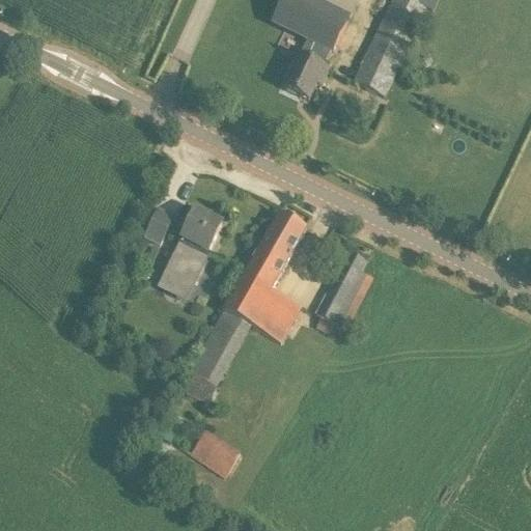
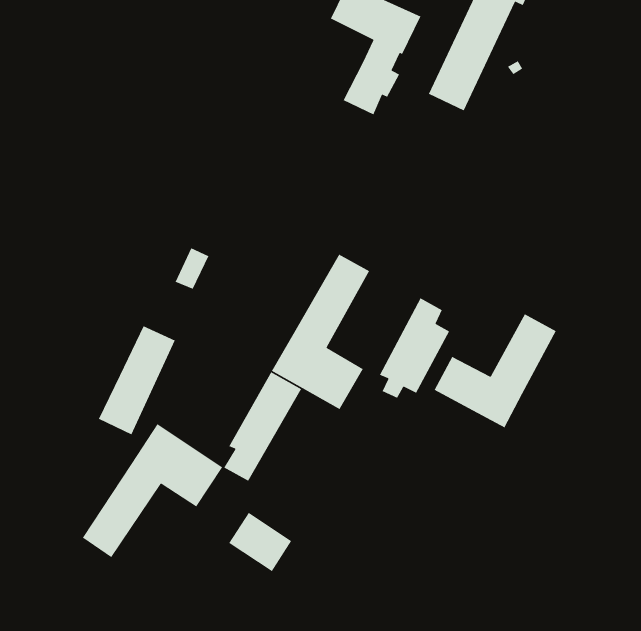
building: [157,206,221,298] -> [98,325,176,435]
building: none -> [434,313,557,429]
building: none -> [82,423,223,558]

